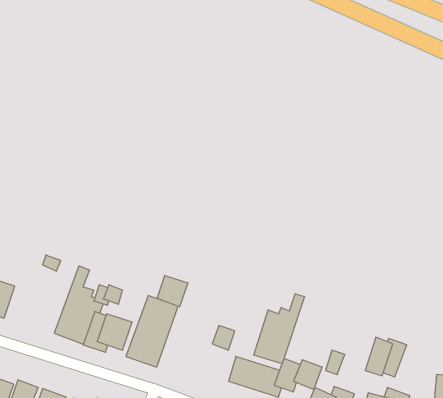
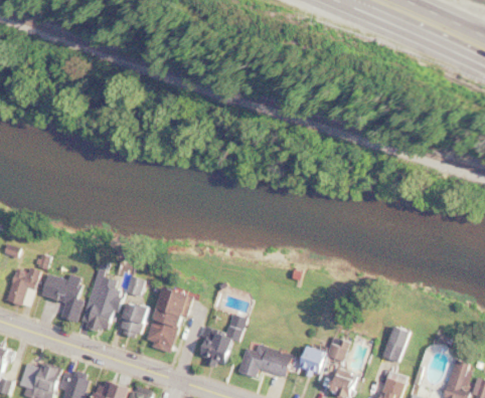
building: [157,275,188,307] -> none
building: none -> [40,272,90,324]
building: [254,294,304,364] -> none
building: none -> [197,327,238,367]

